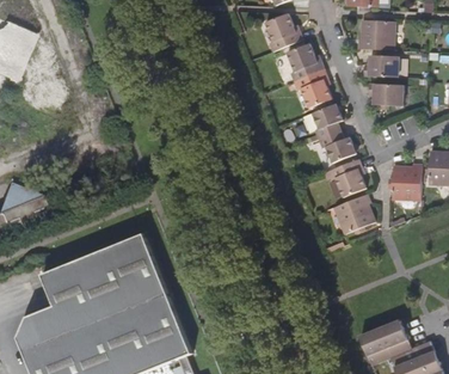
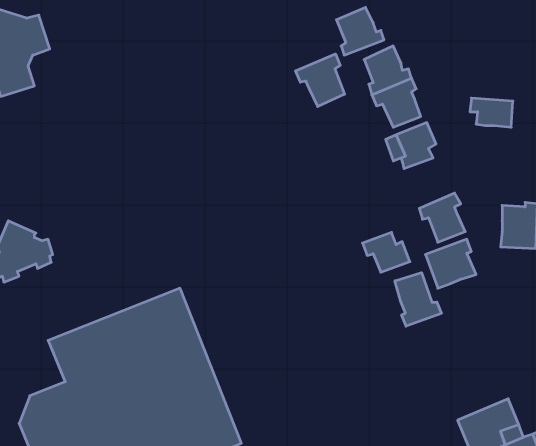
building: [358,22,394,51] -> none
building: none -> [296,54,345,107]
building: [364,56,399,78] -> none
building: [318,131,355,163] -> [362,232,410,272]
building: none -> [395,273,441,326]

